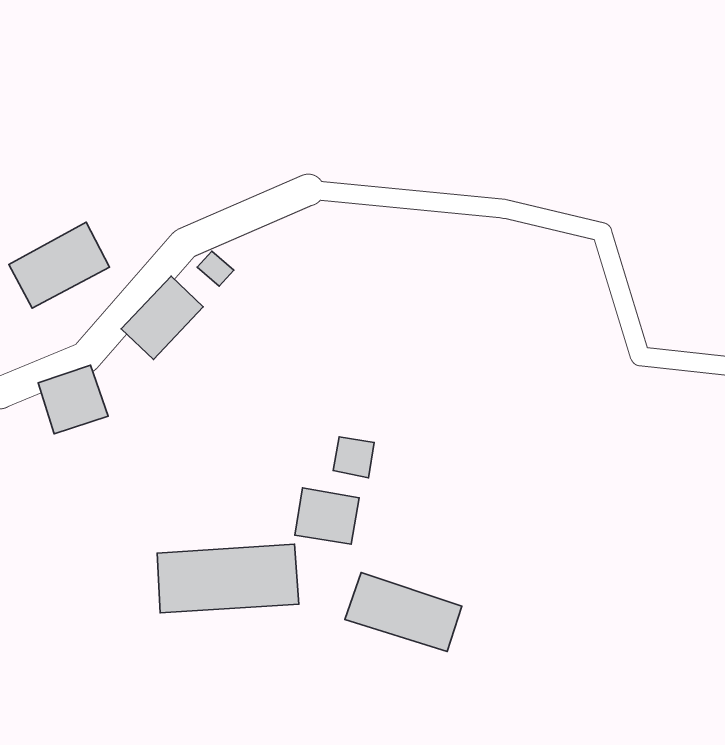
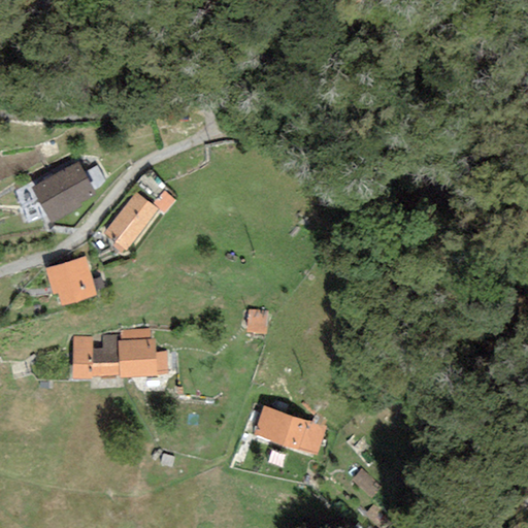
building: [295,488,359,544] -> none
building: [157,544,299,613] -> [72,331,172,380]

